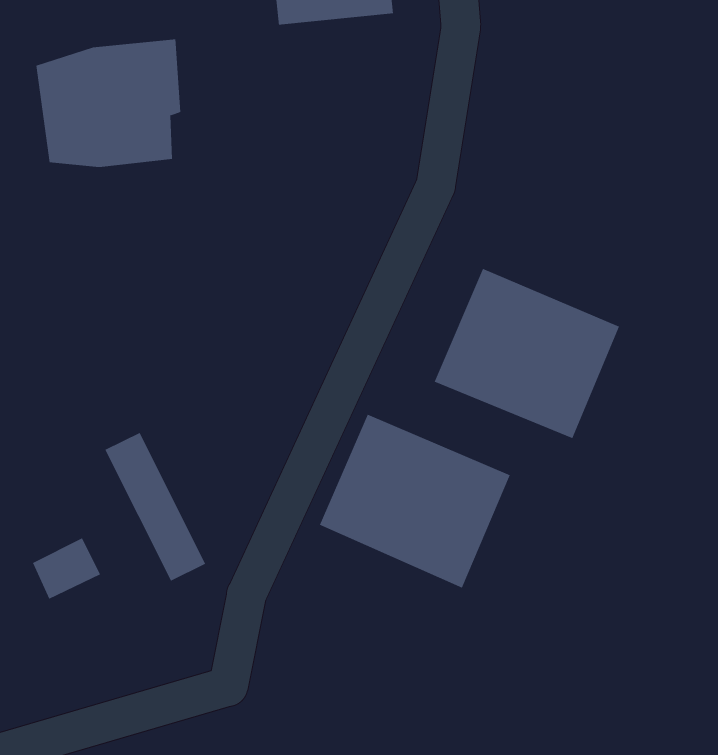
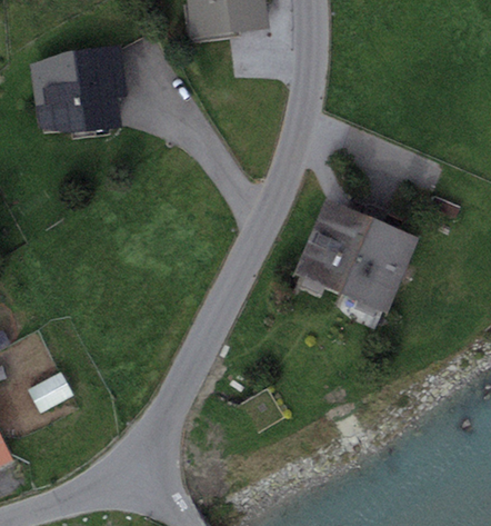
building: [319,414,511,588] -> none
building: [105,432,206,582] -> none

